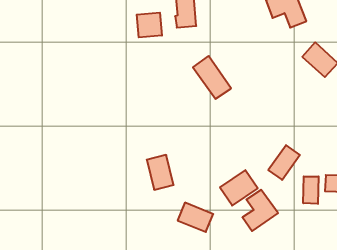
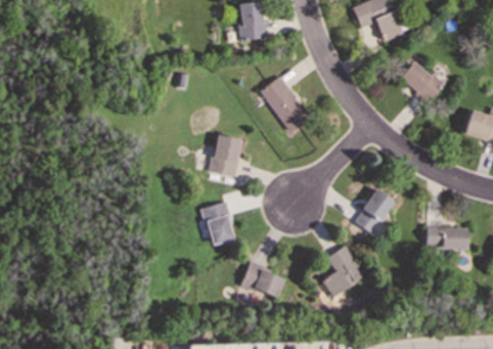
building: [137,13,162,37] -> none
building: none -> [209,134,241,176]
building: [220,170,258,206] -> none
building: [303,176,319,204] -> none

